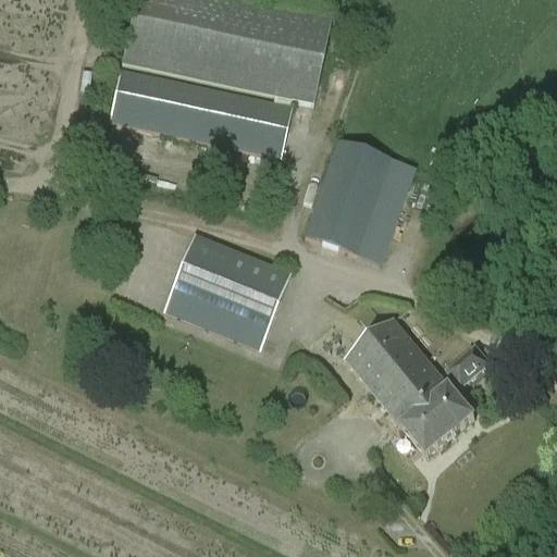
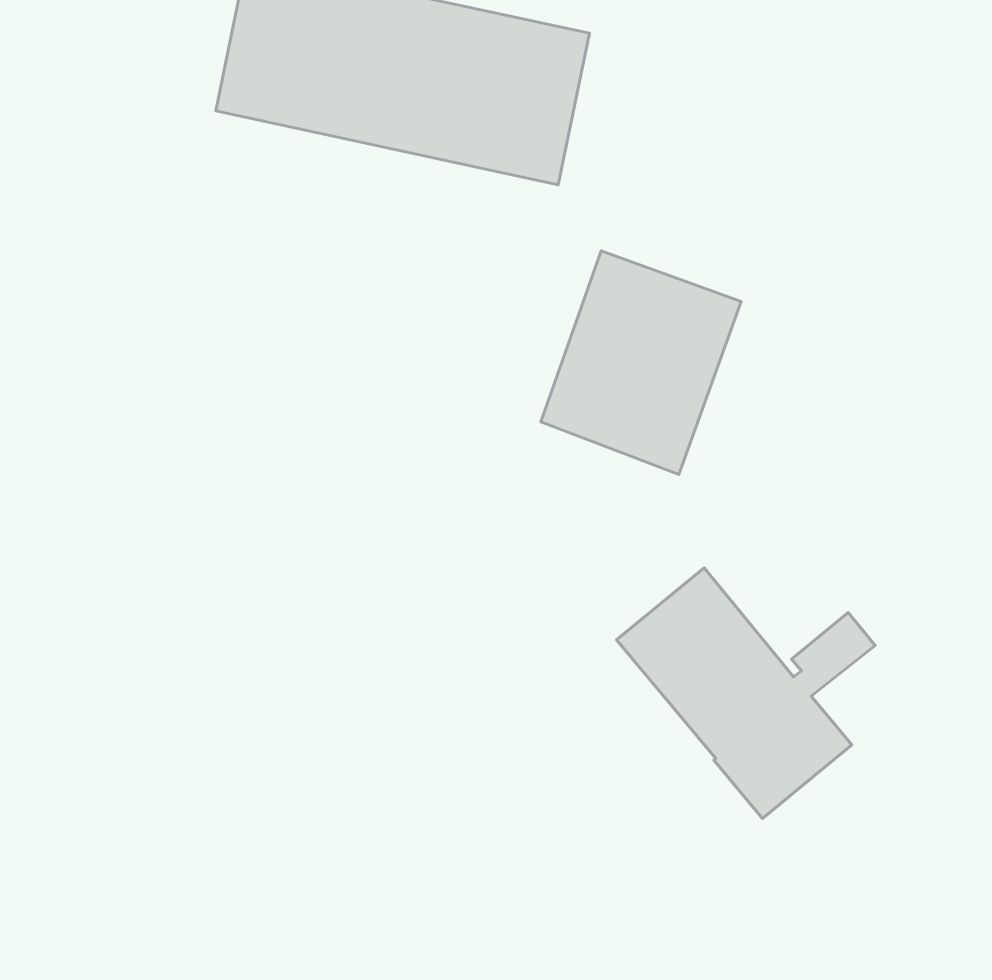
building: [108,69,289,157] -> none
building: [162,233,290,350] -> none

